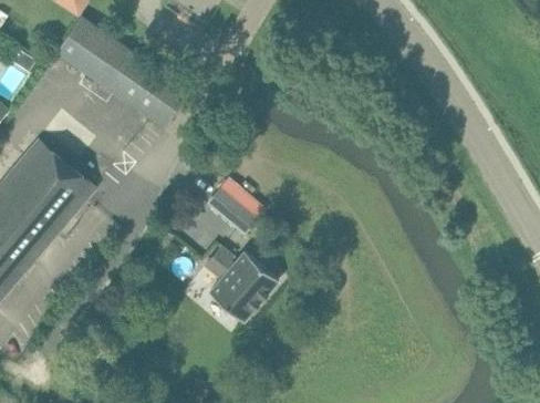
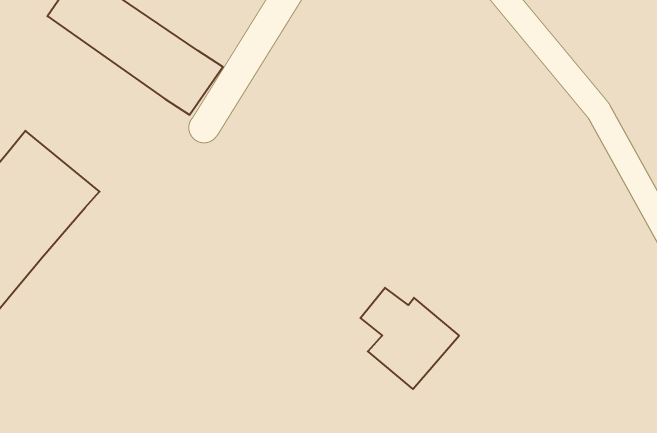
building: [208,178,264,233] -> none
building: [202,242,278,320] -> [360,288,459,389]

